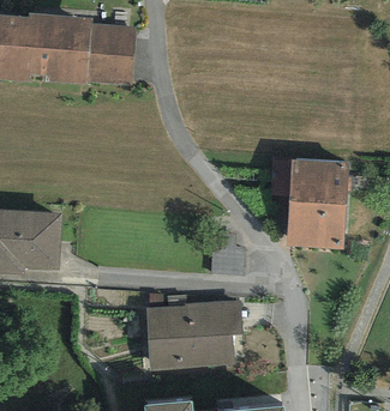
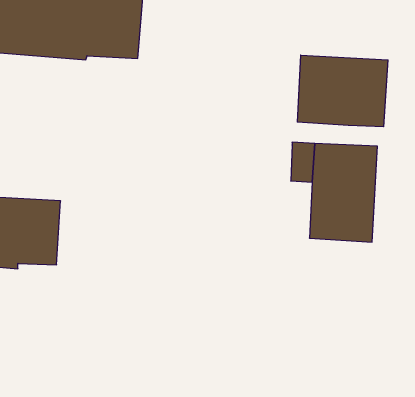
building: none -> [297,55,388,127]
building: [144,300,241,369] -> none

